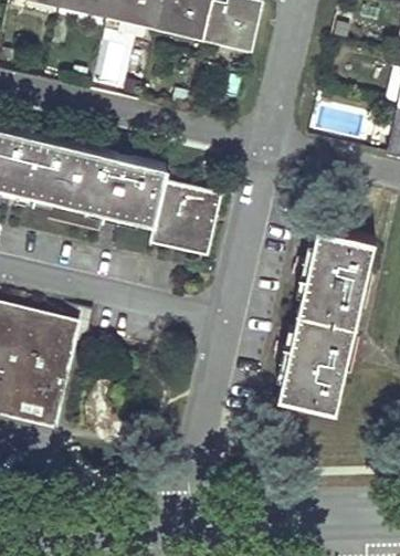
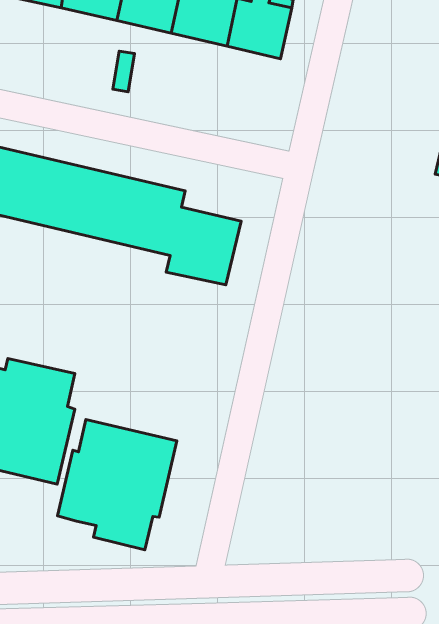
building: [280,229,372,412] -> none
building: none -> [57,420,177,550]

